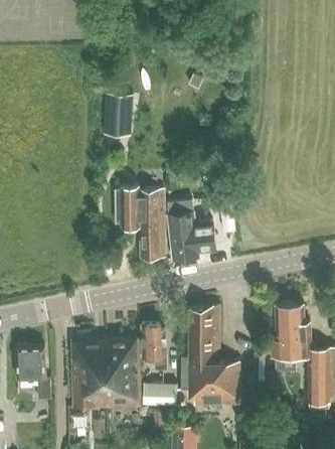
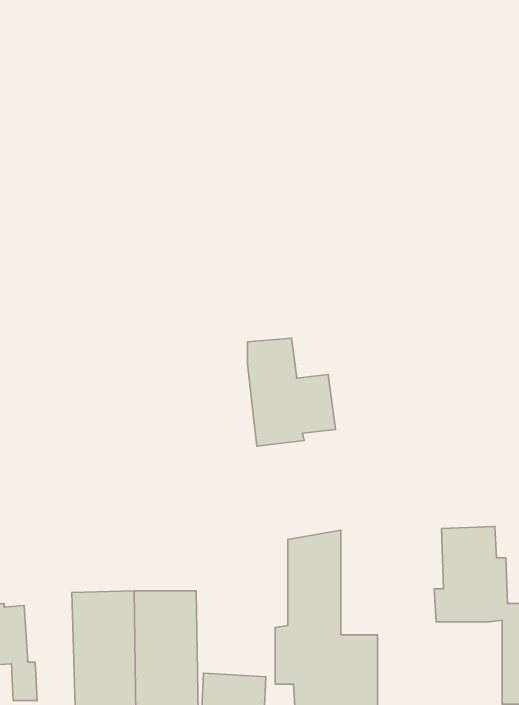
building: [105,107,130,137] -> none
building: [123,186,165,259] -> none
building: [142,326,167,370] -> none

